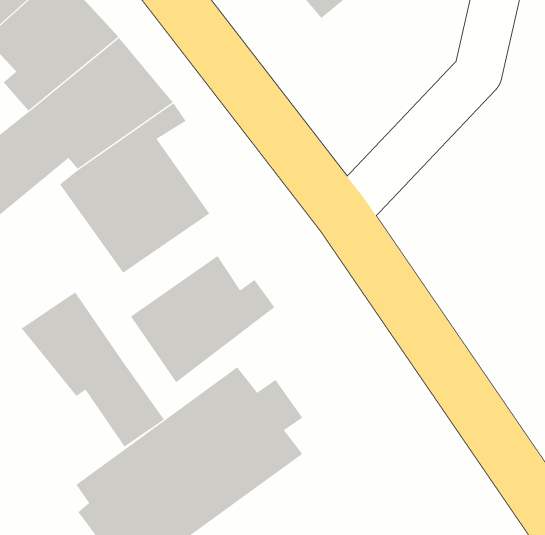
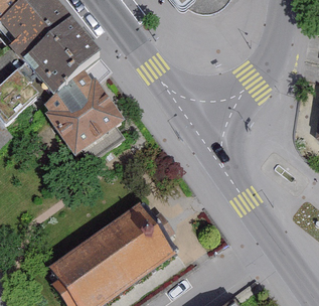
building: [130,255,275,383] -> none
building: [21,291,165,447] -> none

